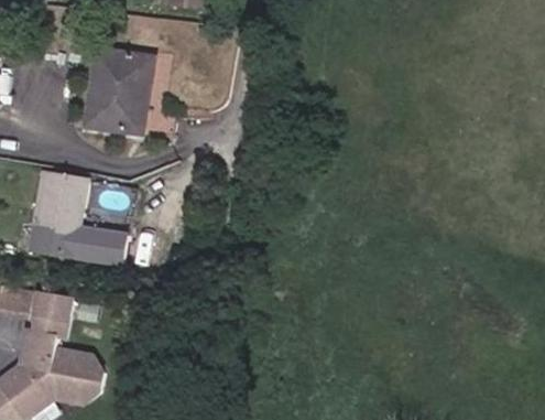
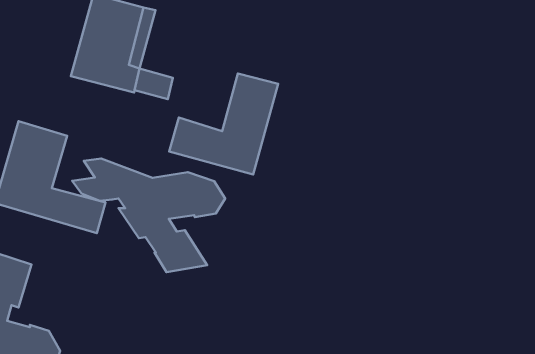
building: none -> [169,73,278,175]
building: none -> [72,158,225,272]

